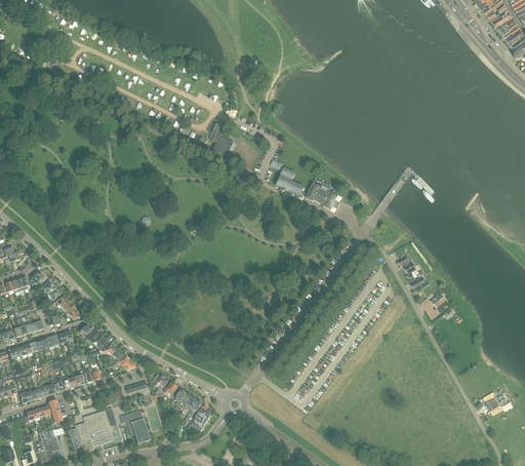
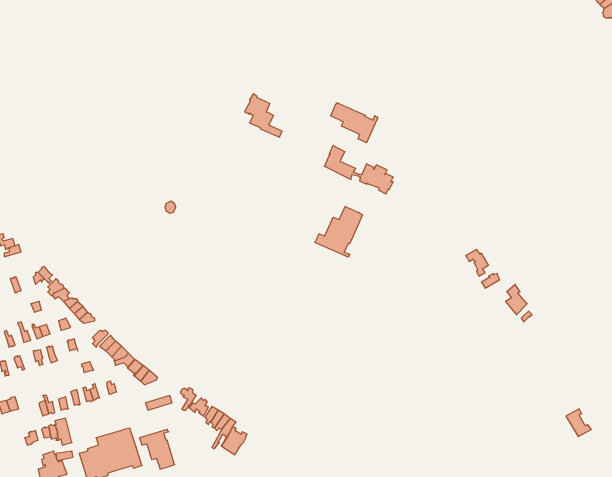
building: none -> [331,103,378,143]
building: none -> [315,206,362,257]

